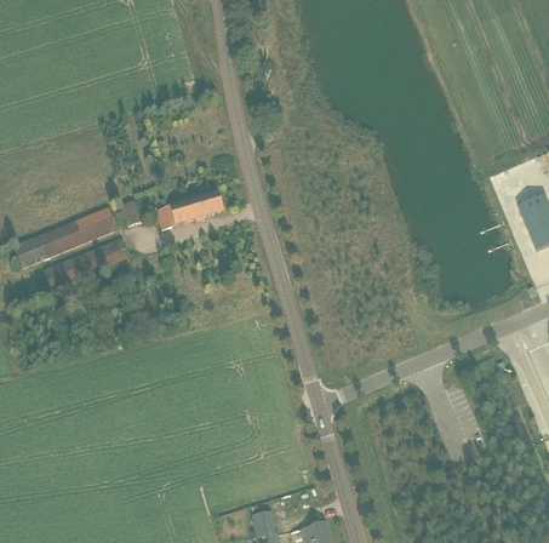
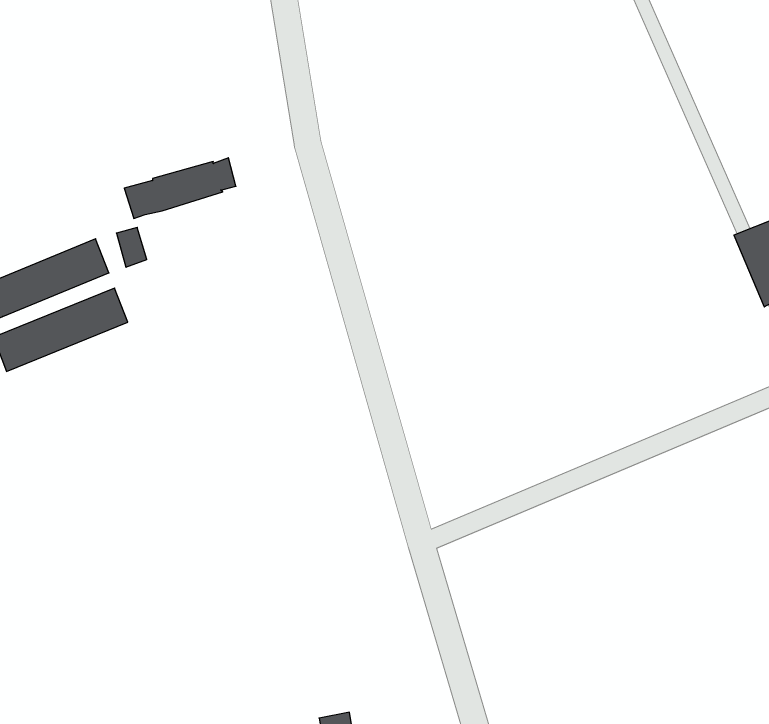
building: [151,192,223,230] -> [124,158,236,218]

